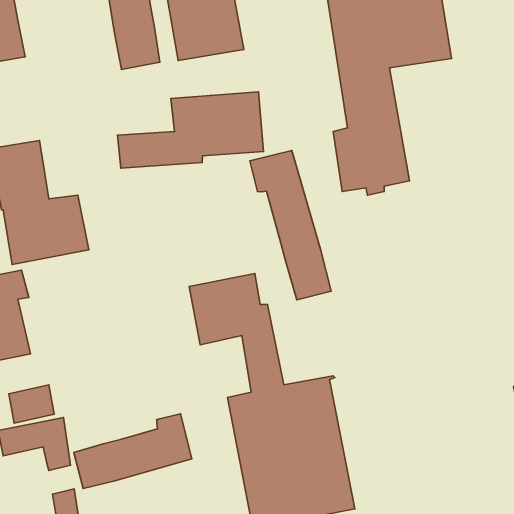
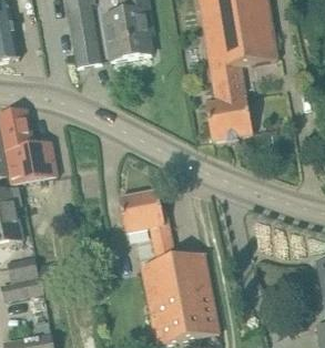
building: [117,92,264,168] -> none
building: [250,150,331,300] -> none
building: [74,414,192,489] -> none

